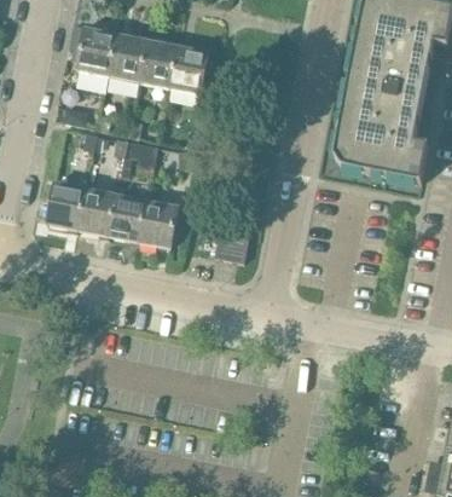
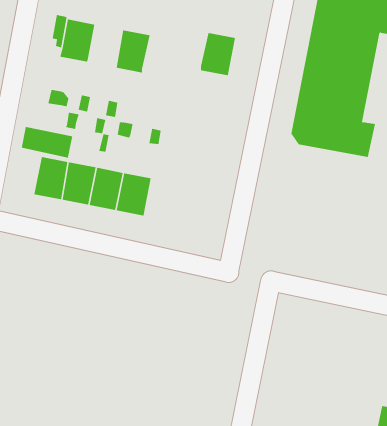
building: [105,34,144,82] -> none
building: [167,46,207,94] -> [200,33,236,76]
building: none -> [21,126,73,158]
building: [211,232,245,262] -> none

